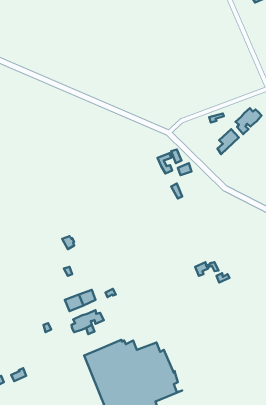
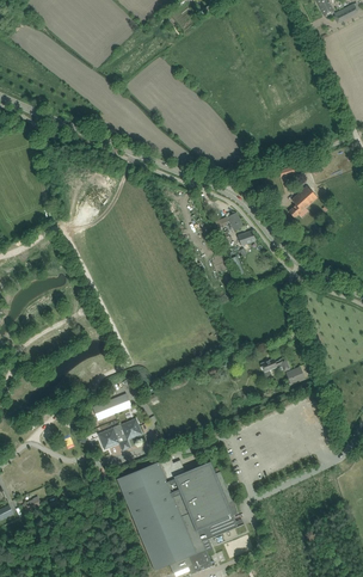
building: [236,108,262,134] -> none

